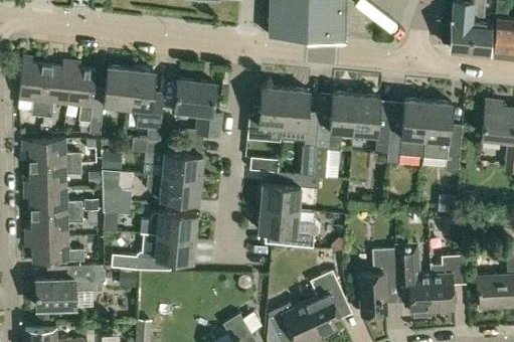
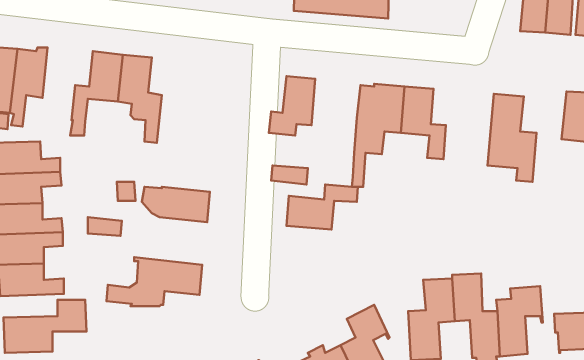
building: [66,64,95,123] -> none
building: [174,80,222,137] -> none
building: [282,90,318,149] -> none
building: [386,100,427,165] -> none
building: [131,139,202,180] -> none
building: [102,171,132,203] -> none
building: [260,207,318,247] -> none
building: [140,211,197,238] -> none

